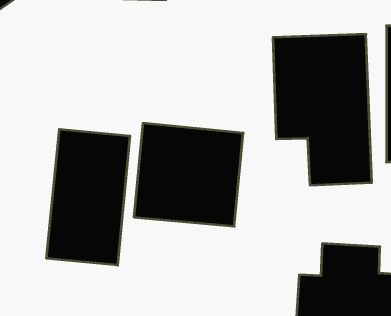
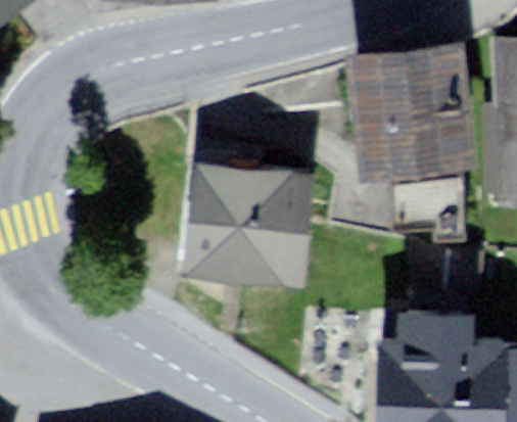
building: [47,129,130,265] -> none

